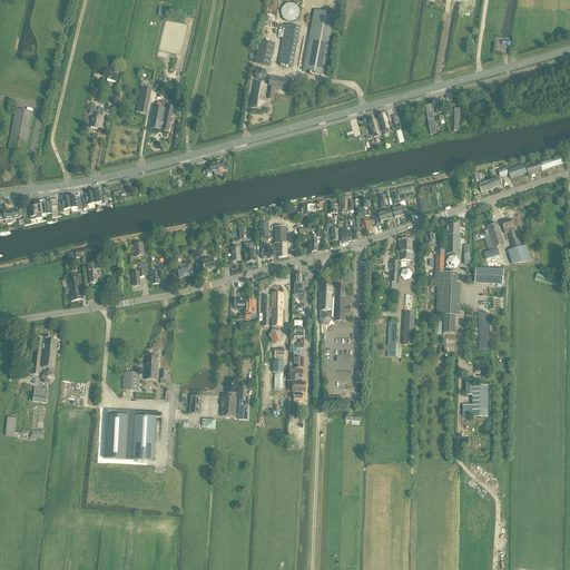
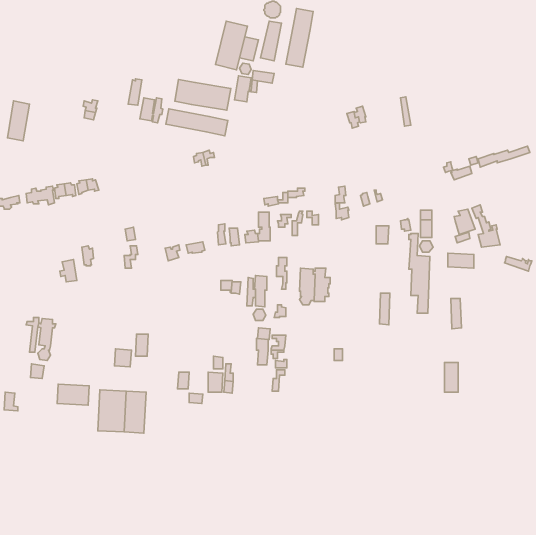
building: none -> [215,21,247,70]
building: none -> [175,79,231,110]
building: none -> [166,109,228,136]
building: none -> [57,384,89,405]

